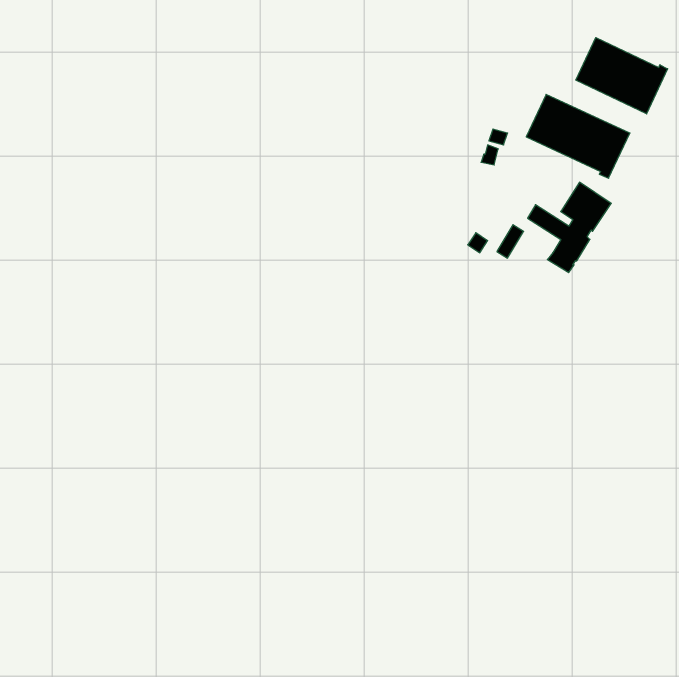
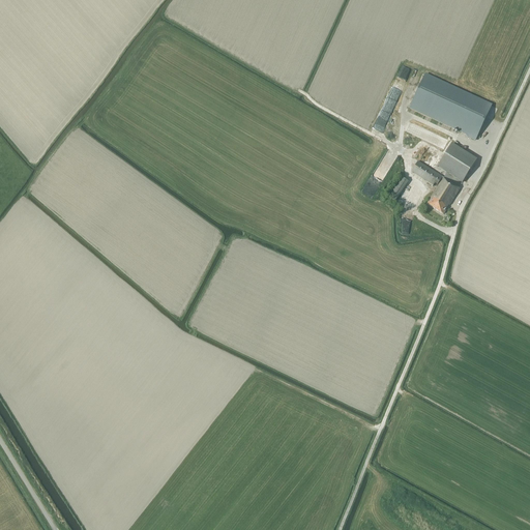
building: [576,38,668,114] -> none

